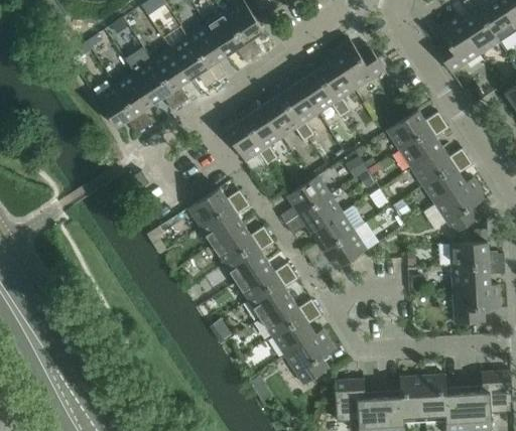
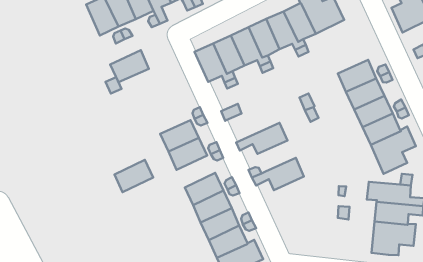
building: [280,175,331,224] -> none
building: [188,187,232,227] -> [110,50,149,82]
building: [311,205,364,251] -> none
building: [225,243,268,282] -> [114,160,153,192]

